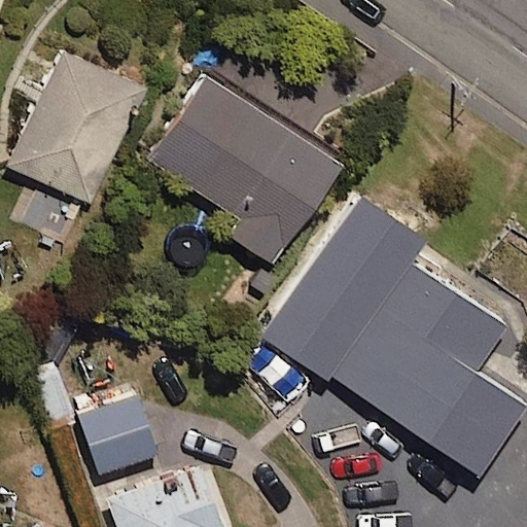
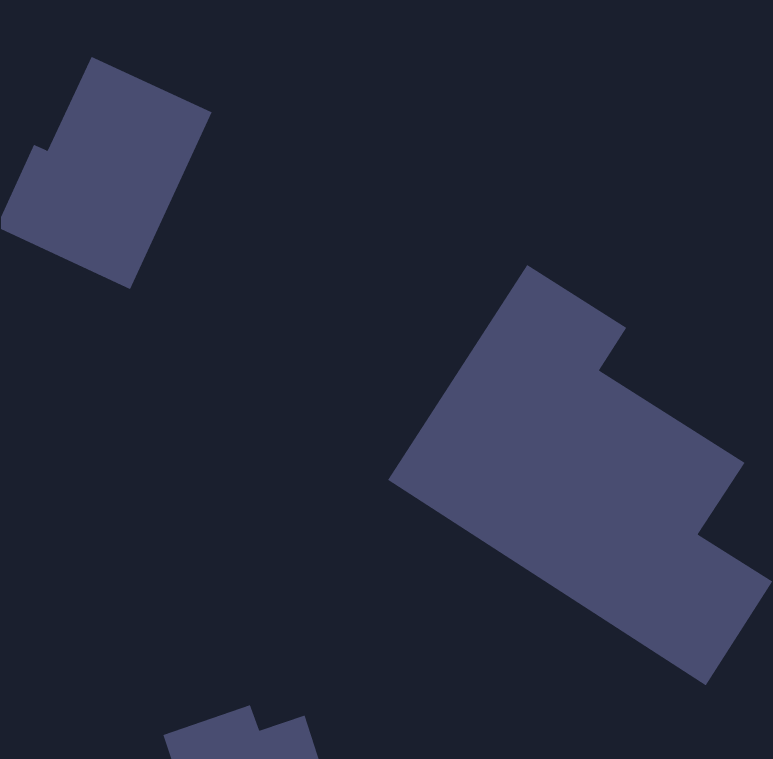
building: [142,68,343,267] -> none
building: [80,400,159,478] -> none

